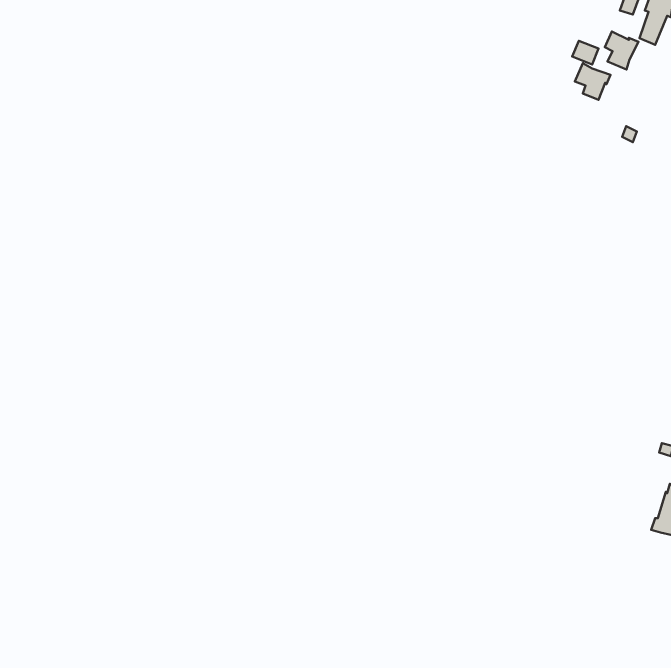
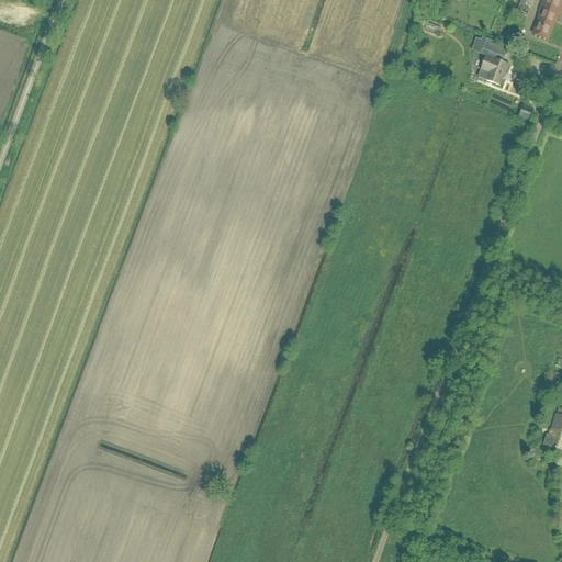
building: [605,32,638,70] -> none

